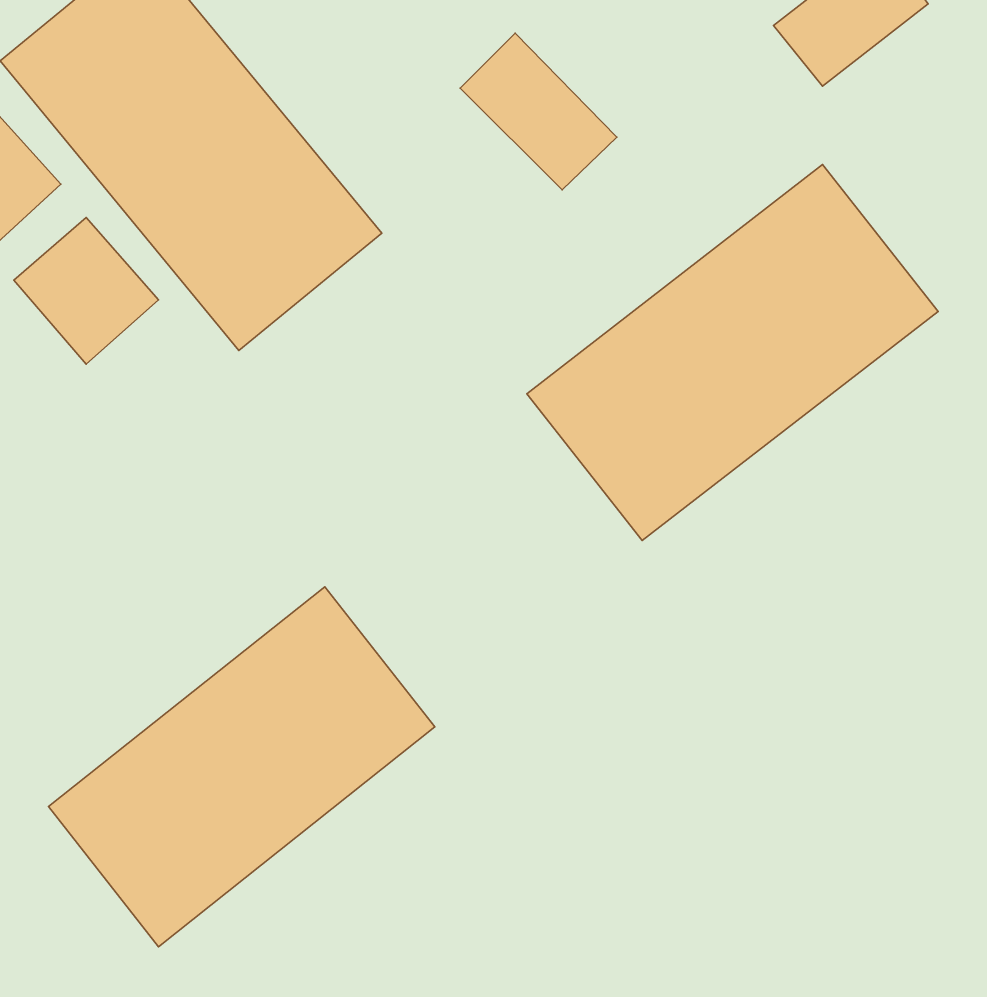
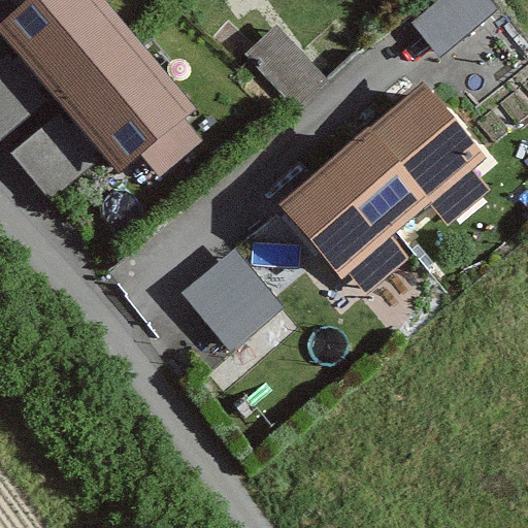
building: none -> [185,260,264,339]
building: [49,587,435,947] -> none

